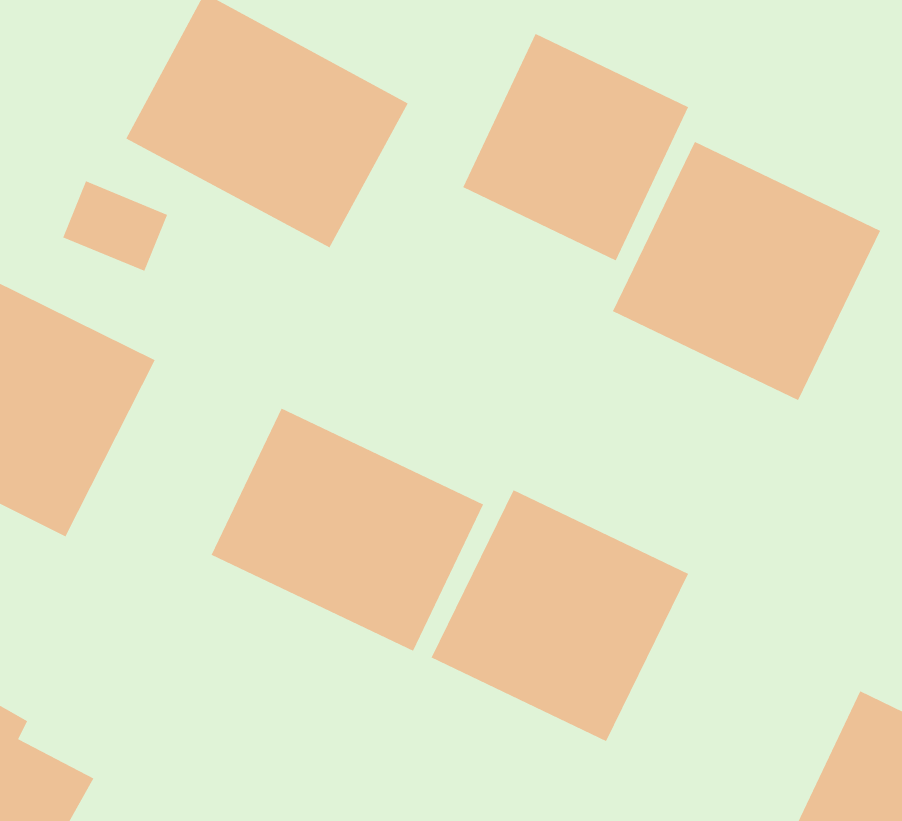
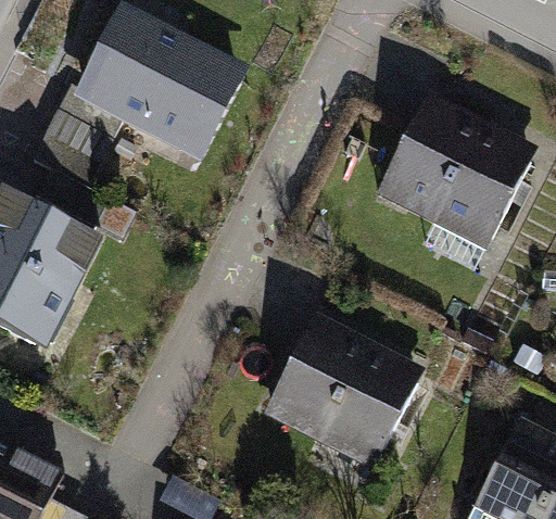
building: [462,33,689,261] -> none
building: [210,407,484,652] -> none

